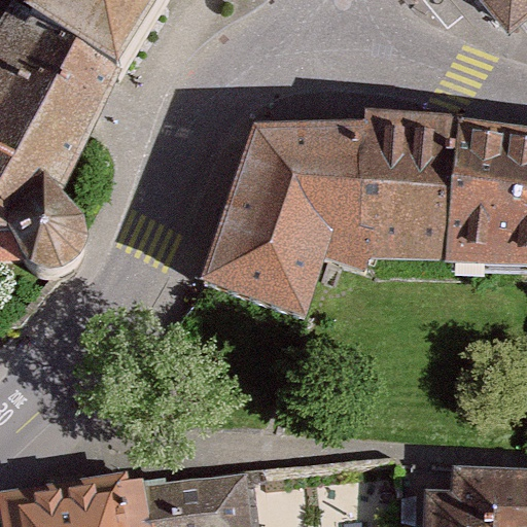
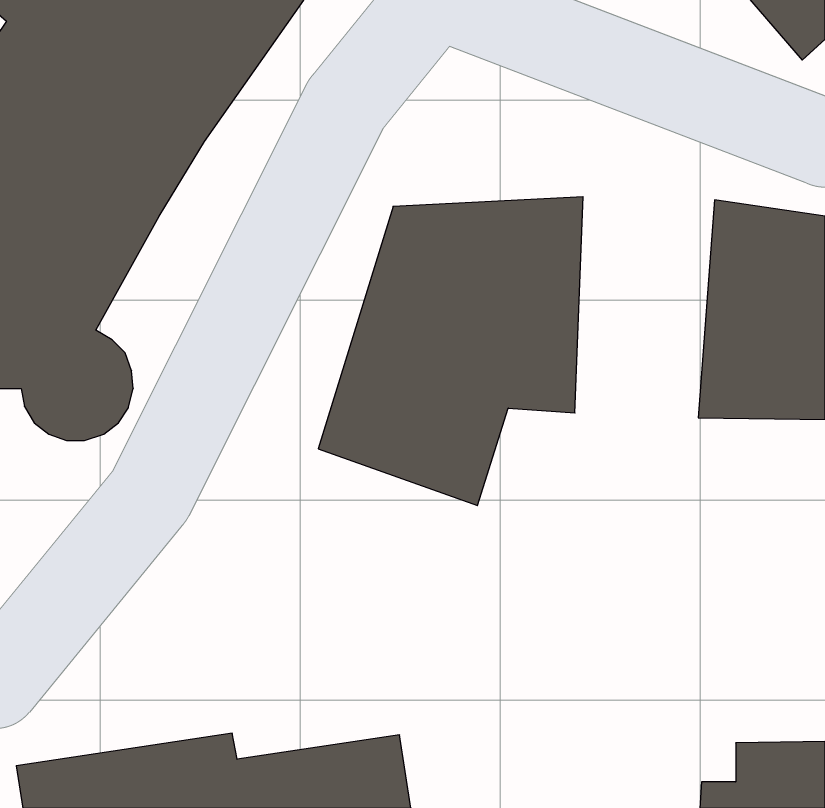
building: [364,125,453,265] -> none

